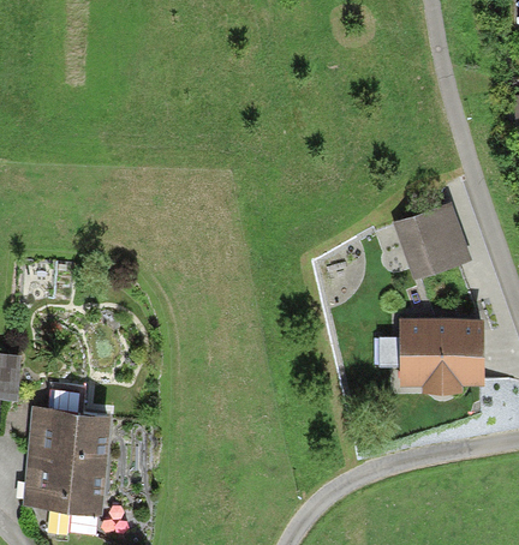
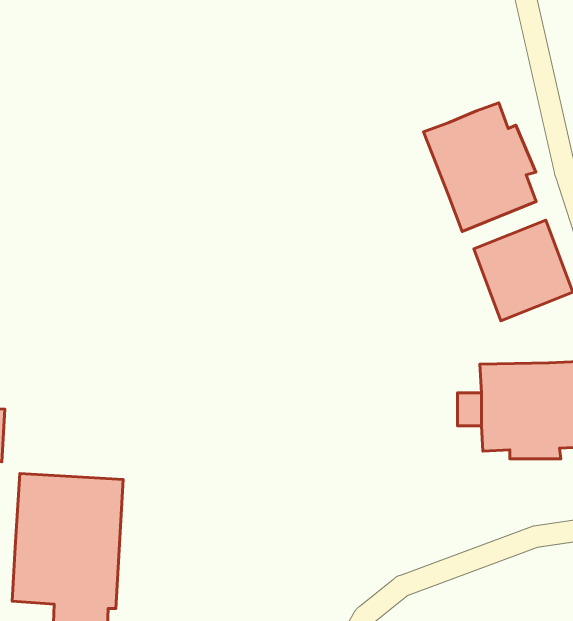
building: none -> [423,103,536,231]

